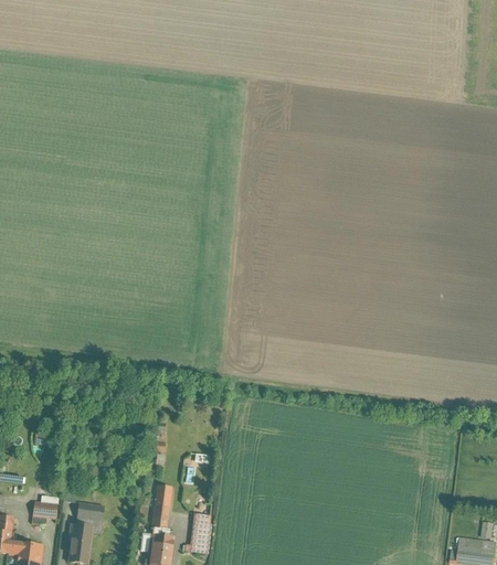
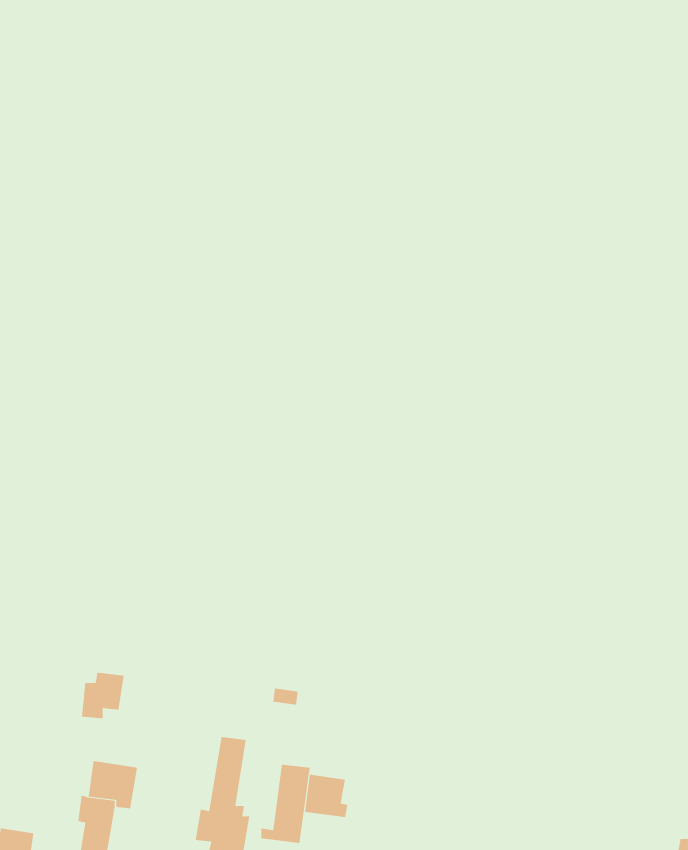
building: [30,497,57,526] -> [81,672,124,719]
building: none -> [304,774,348,818]

